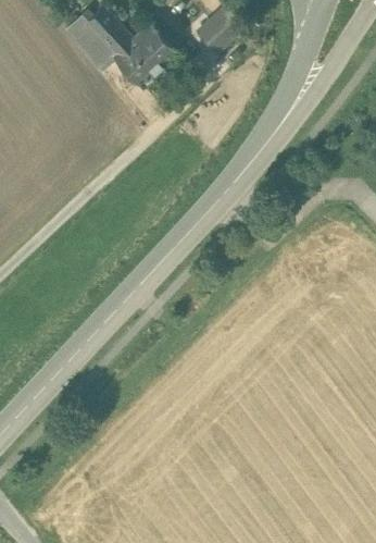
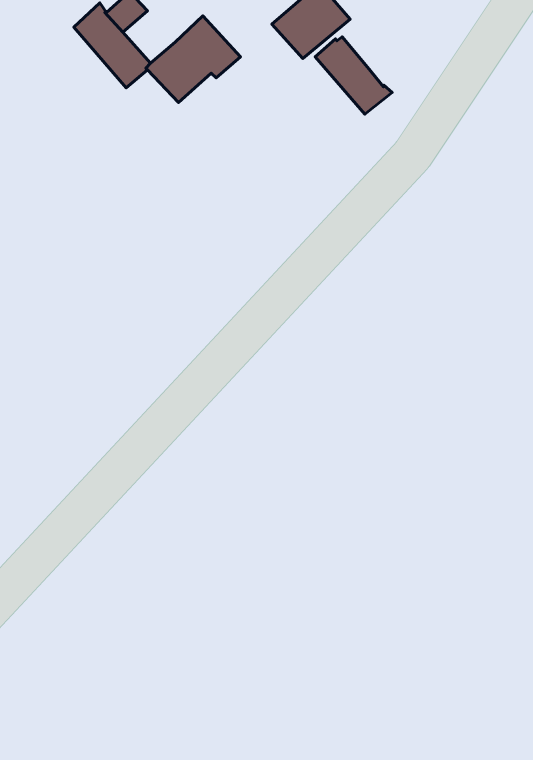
building: [99,21,134,55] -> none
building: none -> [315,37,392,114]

